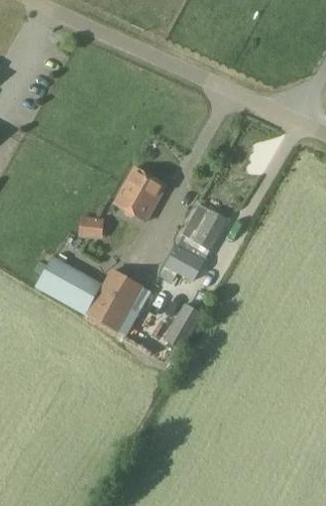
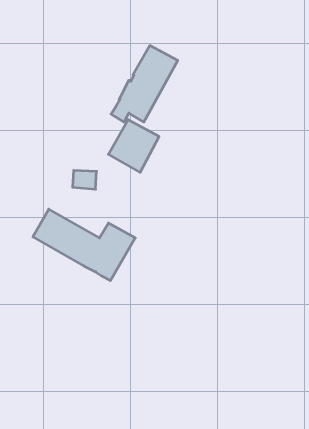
building: [158,204,226,281] -> [111,46,178,122]
building: [165,304,203,351] -> none

